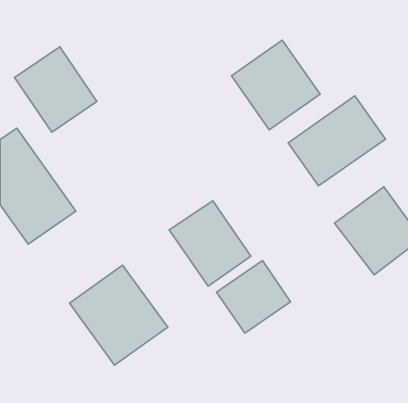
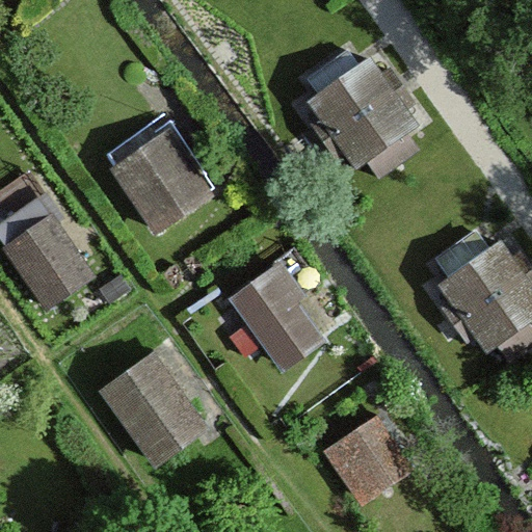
building: [15,47,97,132] -> [111,128,217,238]
building: [288,96,385,186] -> none
building: [216,261,291,333] -> [319,407,415,501]

